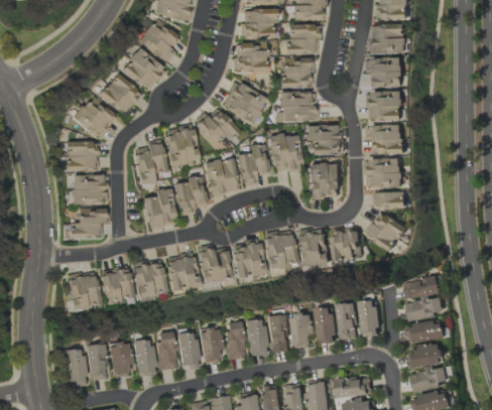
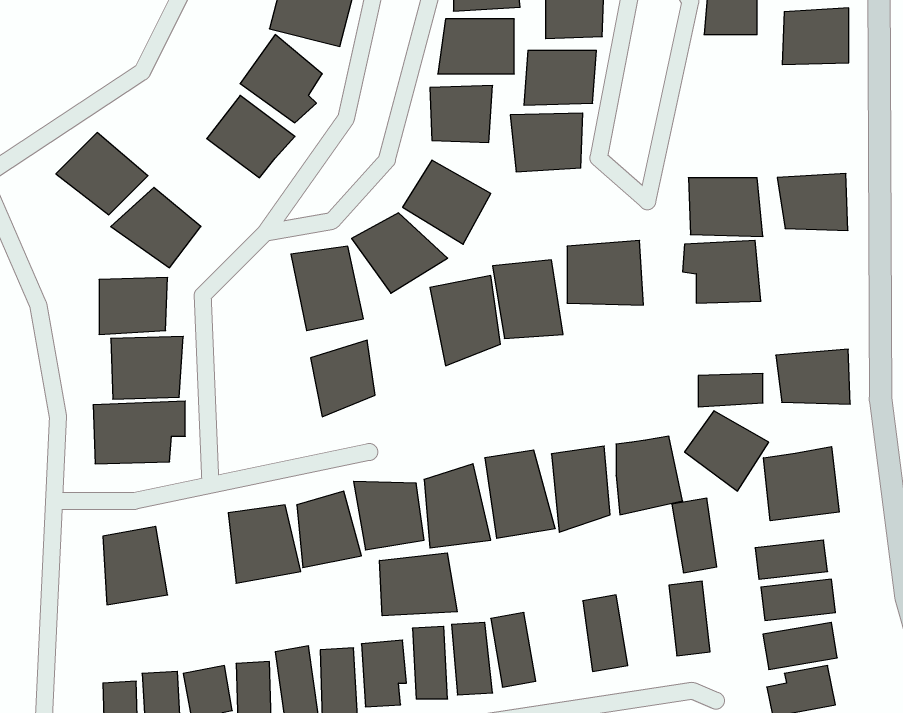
building: [370,24,404,53] -> [782,8,849,65]
building: [367,57,403,87] -> [777,174,848,230]
building: [95,75,142,117] -> [56,133,148,215]
building: [275,90,319,121] -> none
building: [134,141,169,188] -> none
building: [204,157,238,199] -> none
building: [365,158,403,186] -> [776,349,850,404]
building: [309,163,340,200] -> none
building: [142,188,176,229] -> none
building: none -> [764,447,839,521]
building: [102,266,132,303] -> none
building: none -> [380,553,457,616]
building: [335,302,358,340] -> [672,498,717,573]
building: [290,314,313,349] -> none

